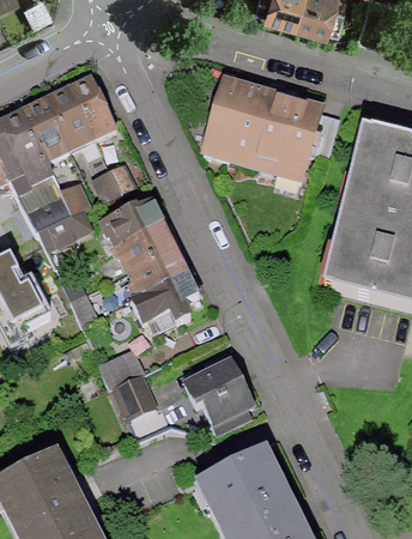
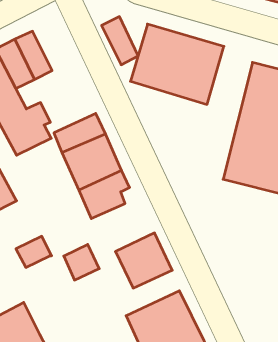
building: [68,73,117,138] -> [102,17,138,65]
building: [90,156,147,201] -> none
building: [97,345,145,387] -> [16,236,52,267]

